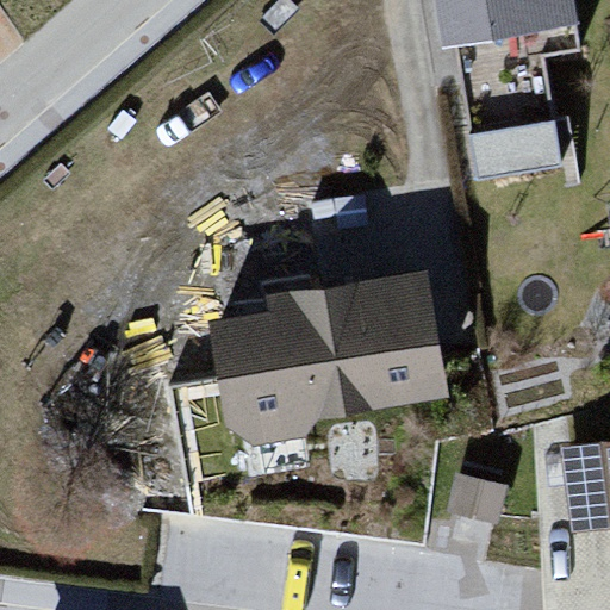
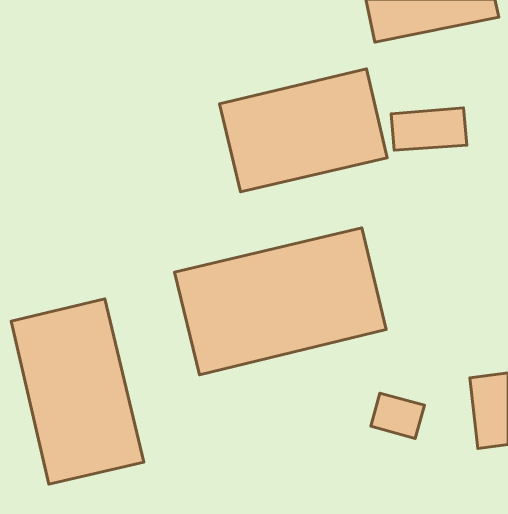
building: none -> [220,69,387,192]
building: none -> [11,299,144,484]

